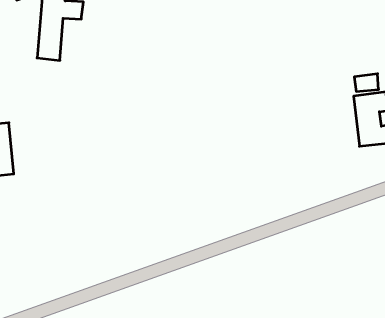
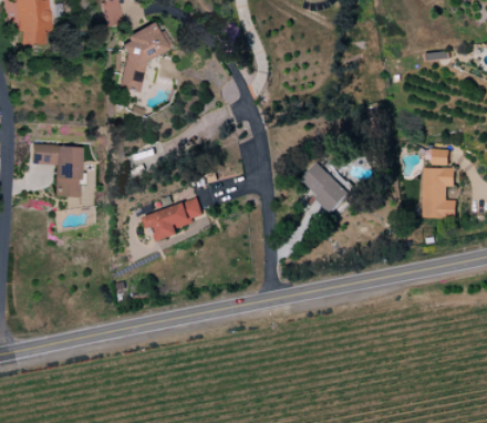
building: none -> [300,162,350,212]
building: none -> [142,197,204,241]

